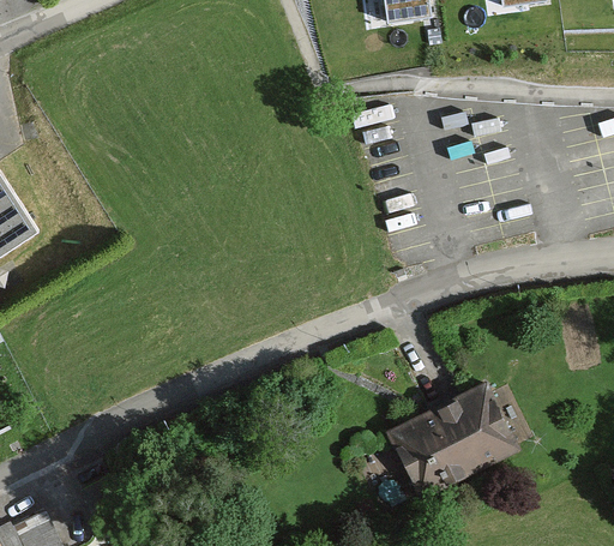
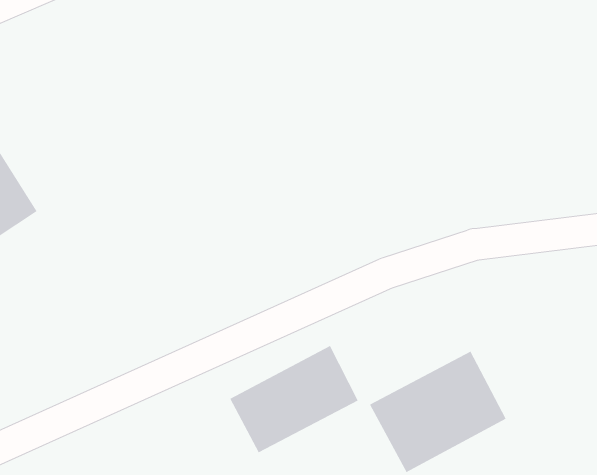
building: none -> [229,345,359,453]

